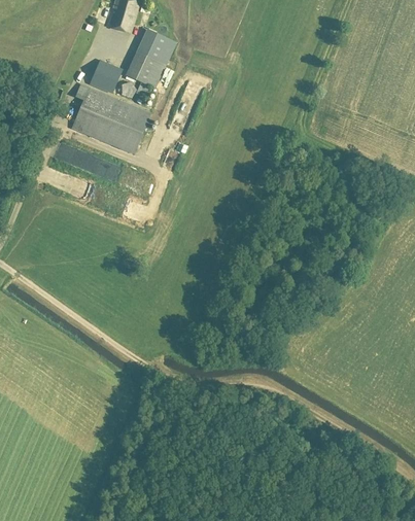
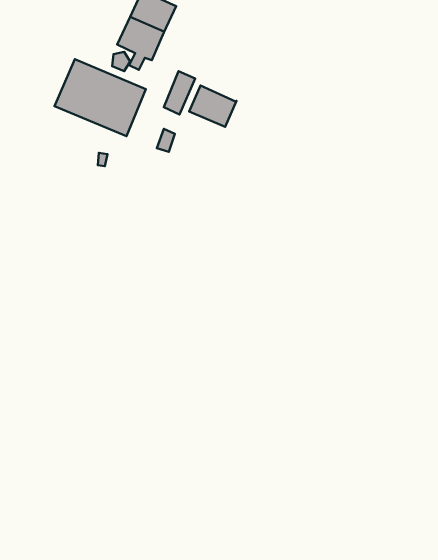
building: [90,60,120,93] -> none
building: none -> [189,85,237,127]

